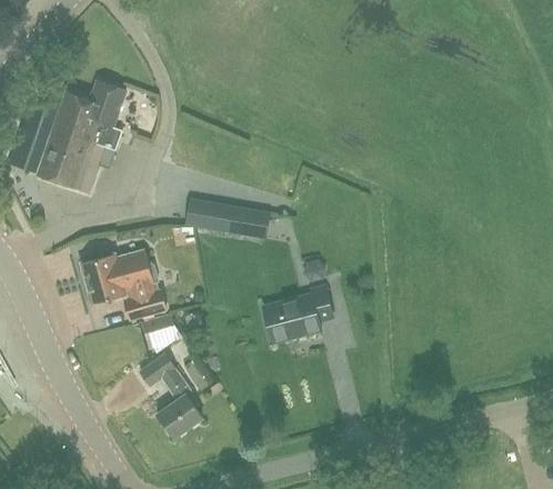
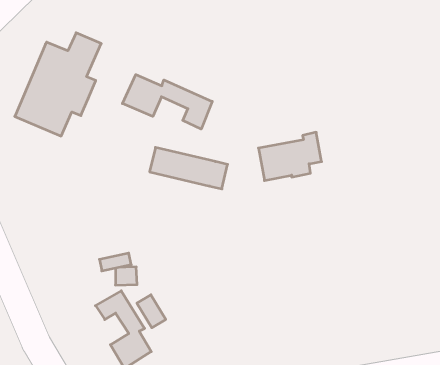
building: none -> [122,75,212,129]
building: [80,251,165,322] -> none
building: [261,287,330,342] -> [258,132,322,181]

